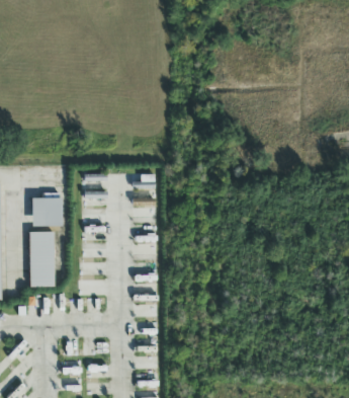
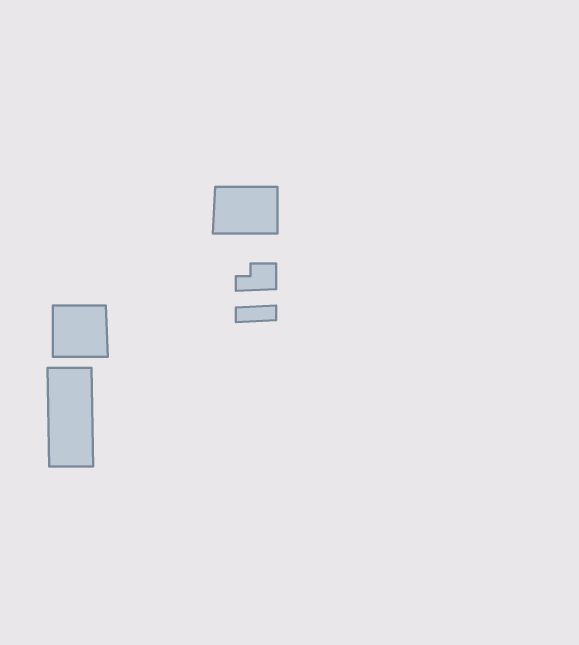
building: none -> [213,187,277,233]

